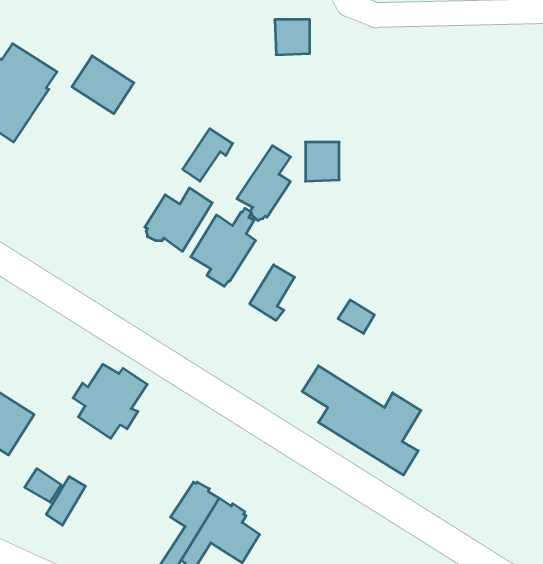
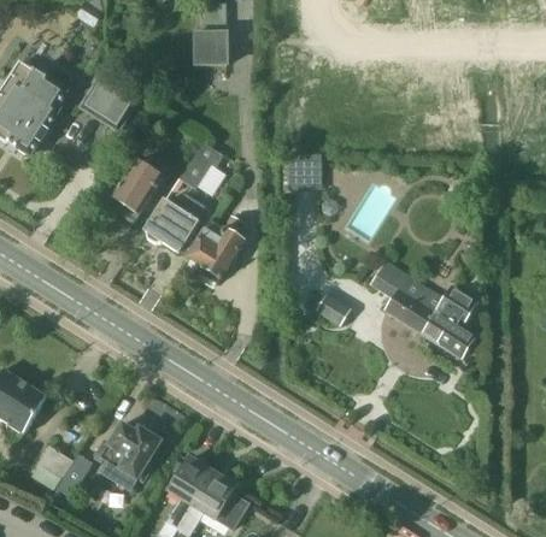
building: [275,20,310,55] -> [194,34,225,65]
building: none -> [107,157,162,222]
building: [237,146,291,221] -> none
building: [250,265,295,320] -> none
building: [73,364,147,438] -> [94,423,160,489]
building: [302,366,421,475] -> [371,260,477,358]

